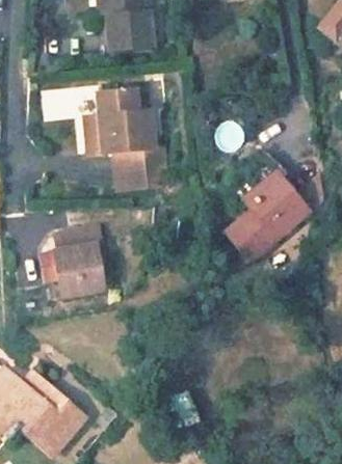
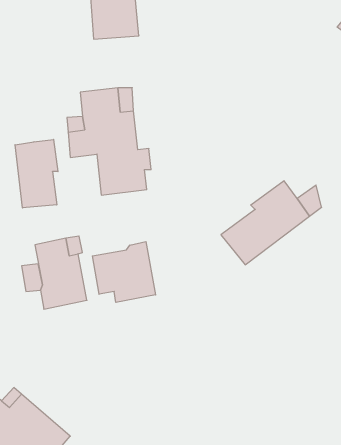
building: none -> [15,139,58,208]
building: none -> [92,242,156,302]

